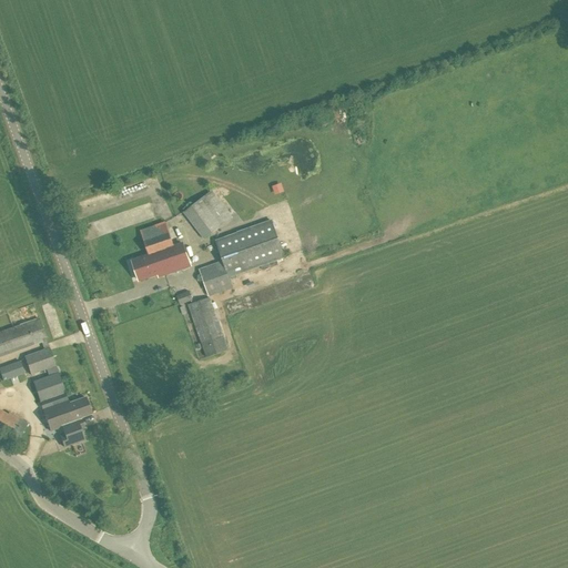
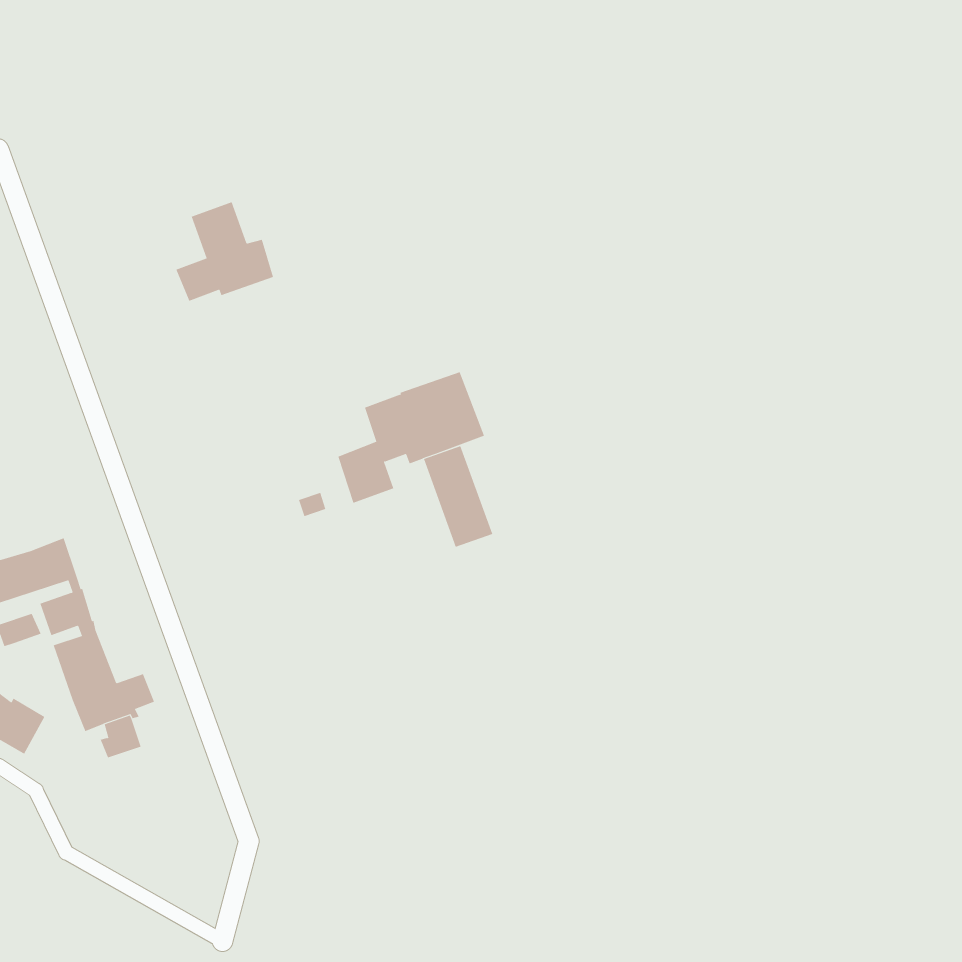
building: [182,189,232,239] -> none
building: [131,221,189,280] -> [176,202,274,302]
building: [186,296,227,356] -> [423,446,493,547]

